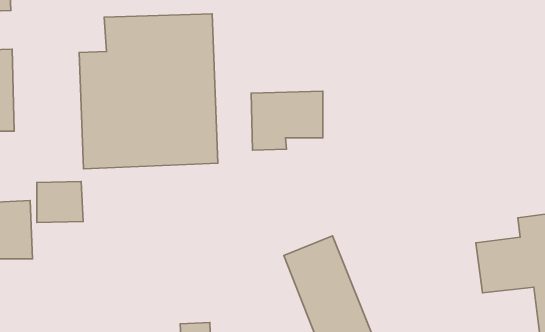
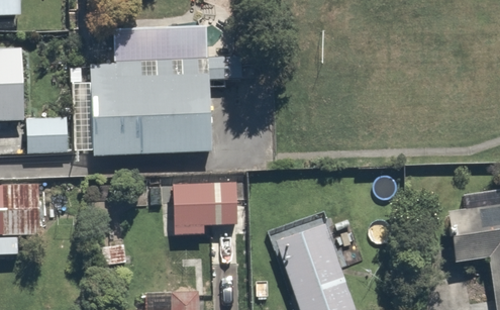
building: [251,91,323,150] -> [176,183,239,235]
building: [37,182,83,223] -> [30,117,72,153]

